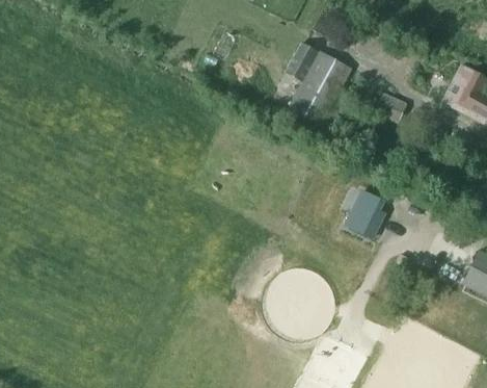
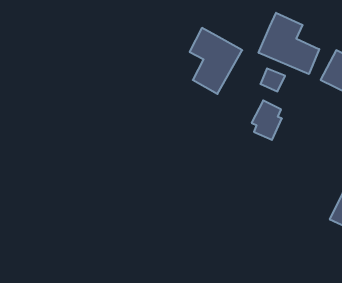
building: none -> [259,13,319,74]
building: [348,189,386,239] -> [252,100,282,140]

